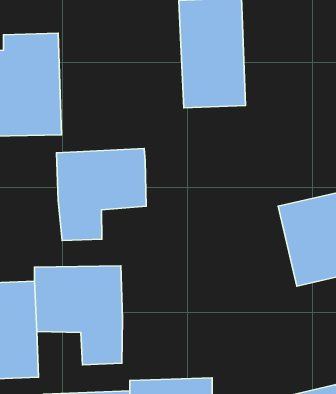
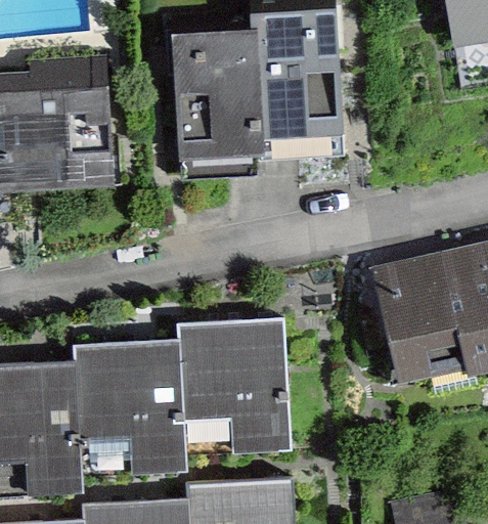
building: none -> [175,33,259,170]
building: [56,148,146,241] -> none
building: none -> [179,323,289,446]

